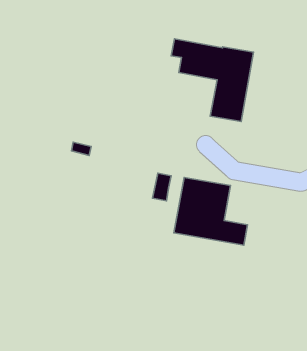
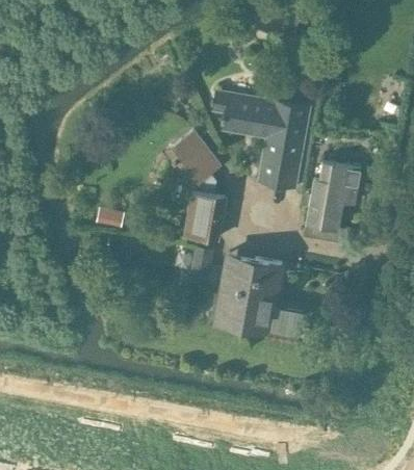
building: none -> [166,131,226,240]
building: none -> [306,161,361,229]

